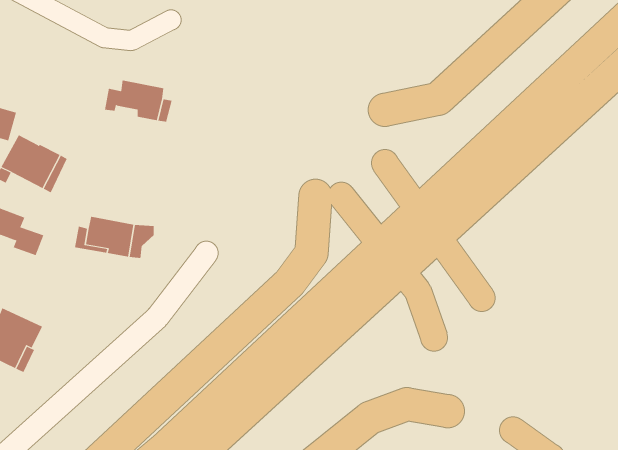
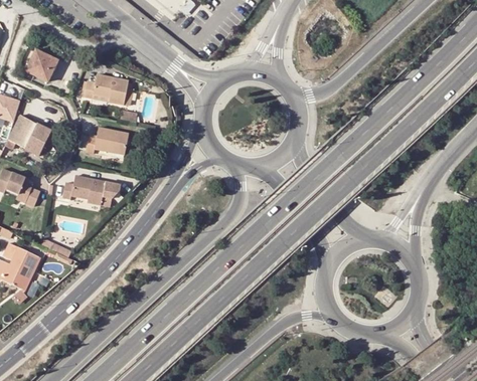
building: none -> [24,49,58,82]
building: none -> [86,128,128,155]

